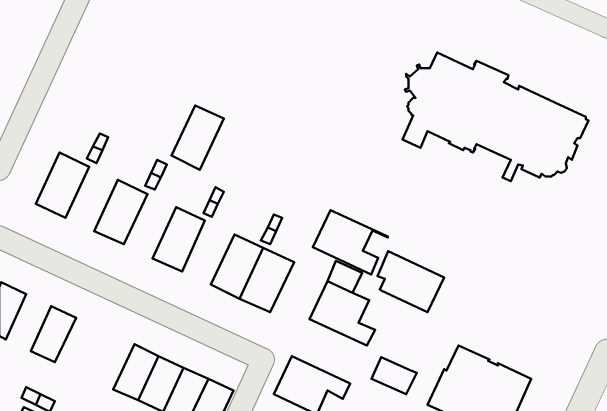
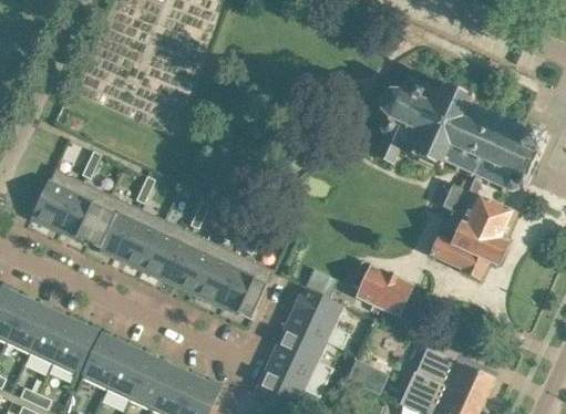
building: [171,106,224,170] -> [115,207,164,267]
building: none -> [61,182,110,241]
building: none -> [429,184,516,280]
building: [313,210,388,275] -> [271,323,341,383]
building: none -> [169,231,218,291]
building: none -> [6,300,48,353]
building: none -> [51,322,94,376]
building: none -> [81,335,125,389]

